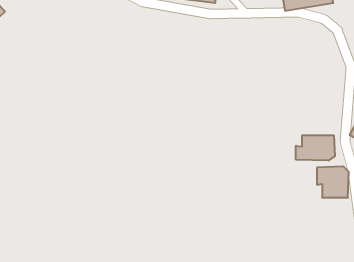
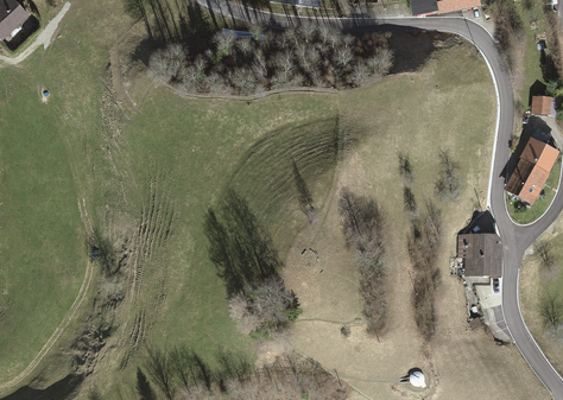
building: [296,135,335,161] -> none

